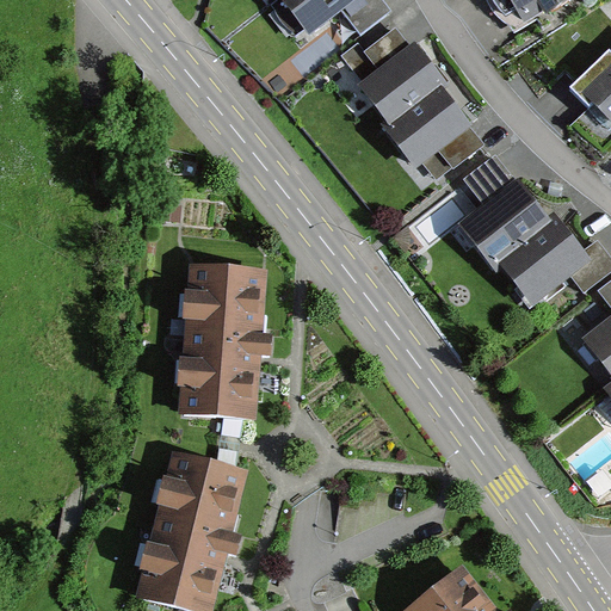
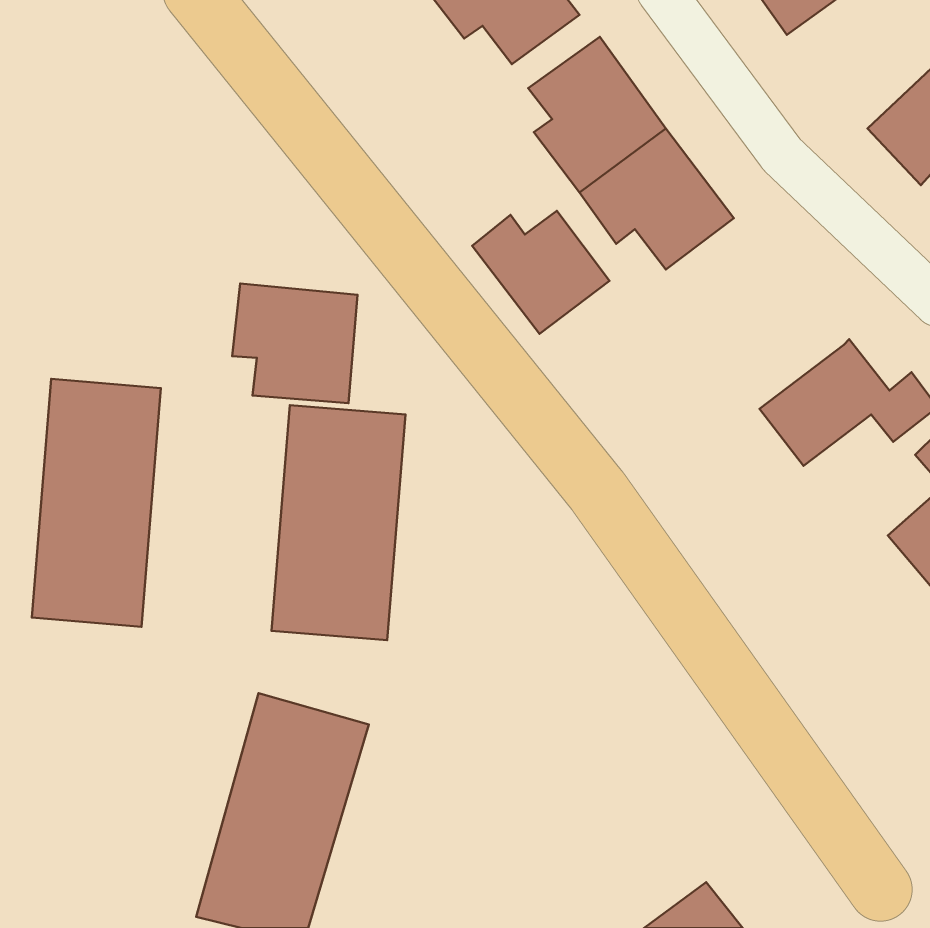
building: none -> [472,211,610,334]
building: [457,156,554,272] -> none
building: none -> [232,284,357,403]
building: none -> [32,379,161,627]

